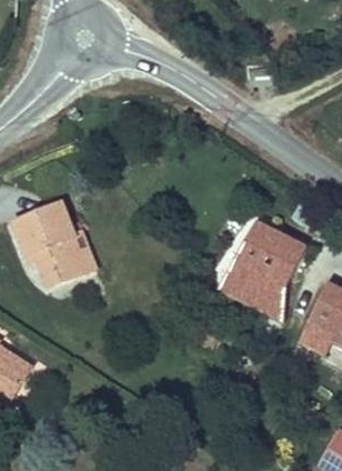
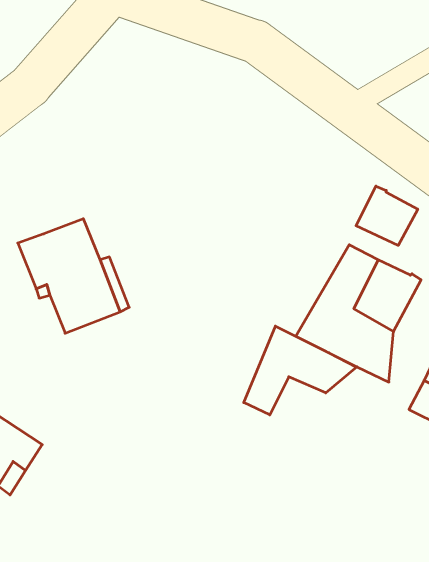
building: none -> [356,186,418,245]
building: none -> [244,326,357,415]

